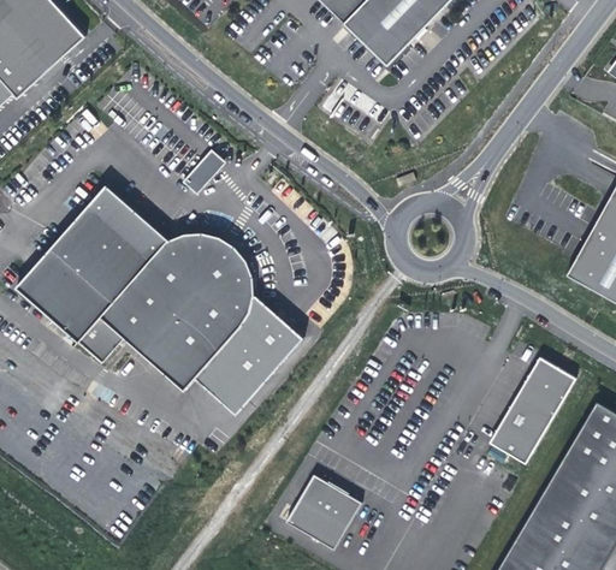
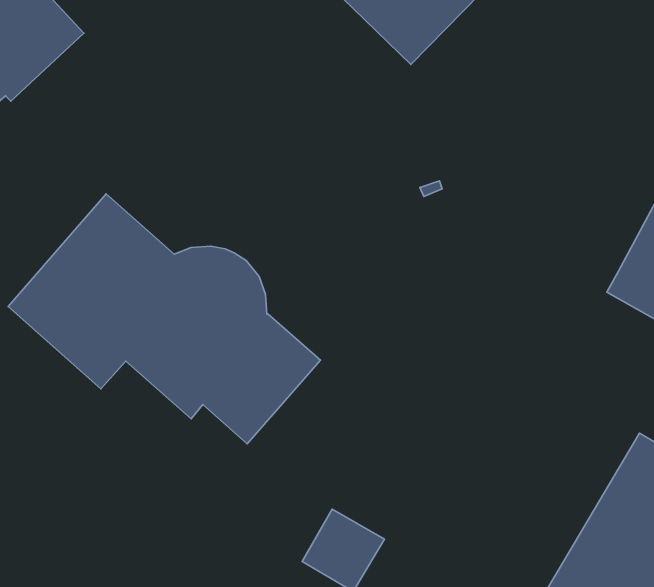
building: [180,149,225,195] -> none
building: [490,356,576,463] -> none

